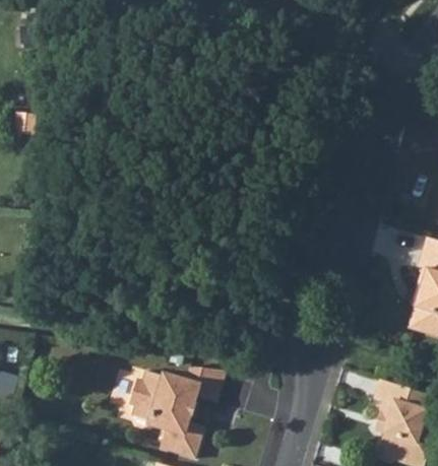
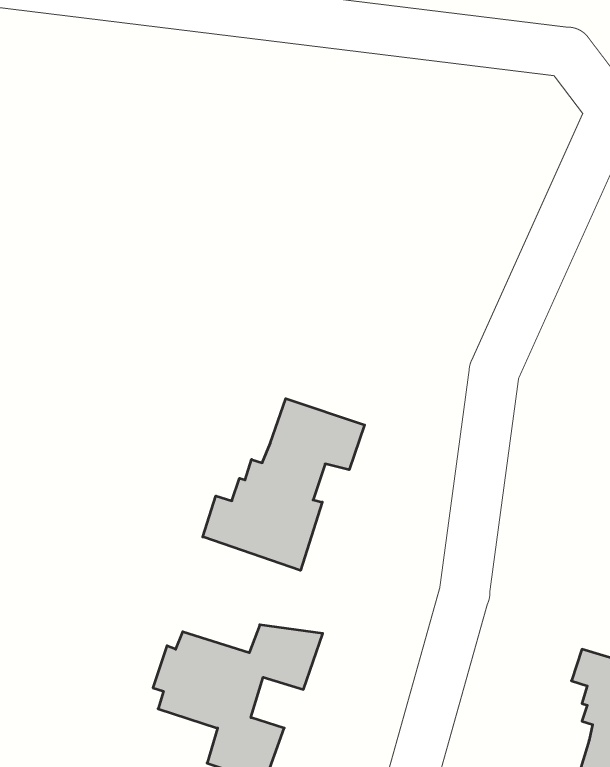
building: none -> [203,399,365,570]

